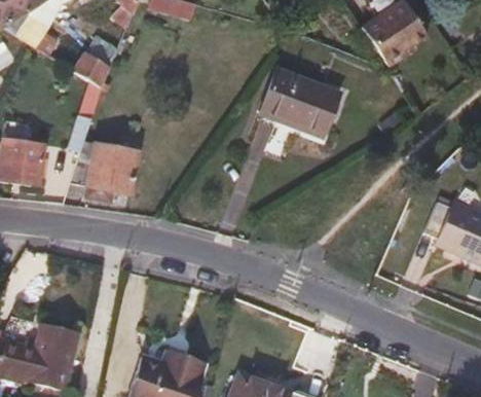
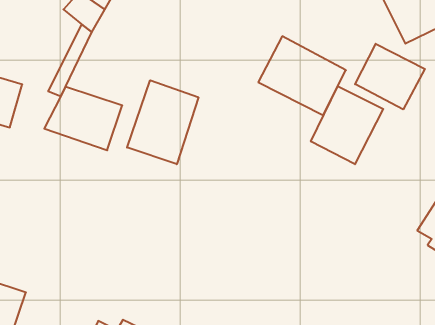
building: none -> [355,44,425,109]
building: none -> [311,86,383,164]
building: none -> [127,80,198,164]

